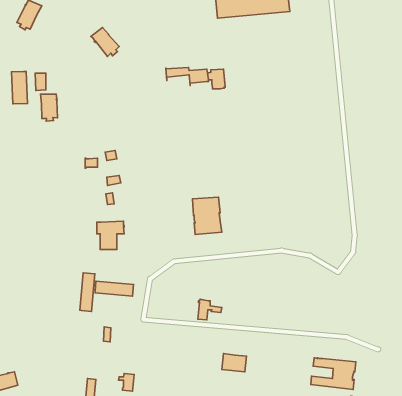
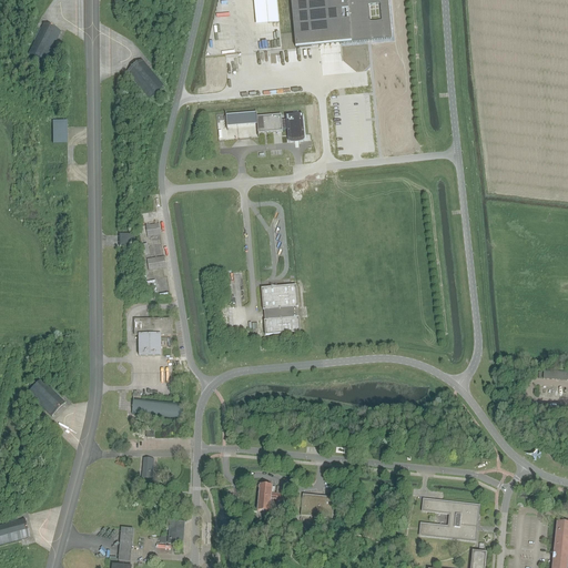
building: [11,71,28,104] -> none
building: [41,94,58,121] -> none
building: none -> [28,377,65,415]
building: [80,273,95,311] -> none
building: [198,299,222,320] -> [257,483,290,510]

